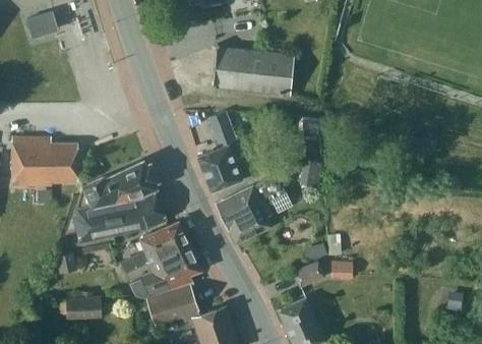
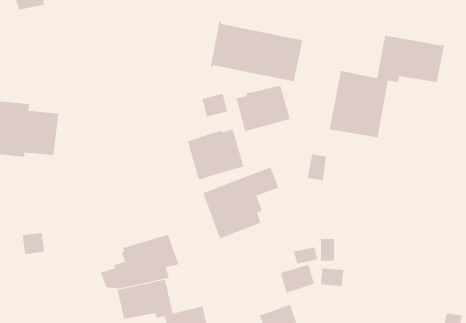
building: none -> [329,35,445,138]
building: none -> [236,85,290,132]
building: [73,161,167,243] -> none
building: [119,223,188,274] -> none
building: [58,292,109,320] -> none

